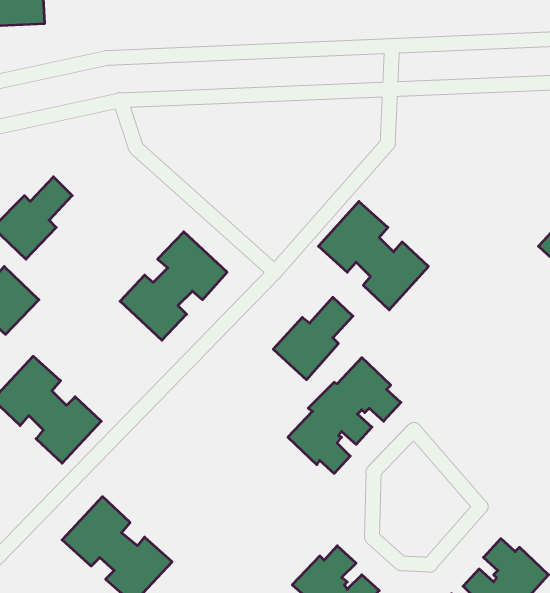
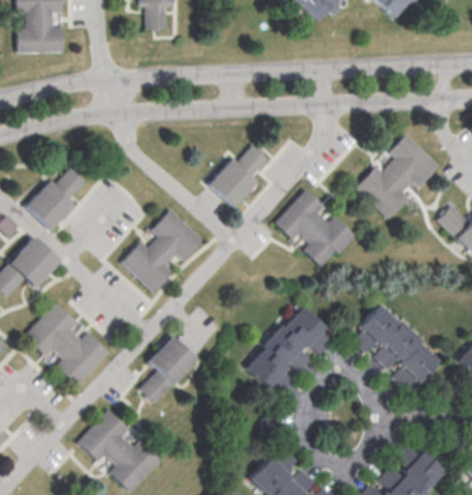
building: none -> [355,134,438,219]
building: [273,297,353,380] -> [207,146,267,208]
building: none -> [353,303,440,389]
building: none -> [139,337,195,404]

